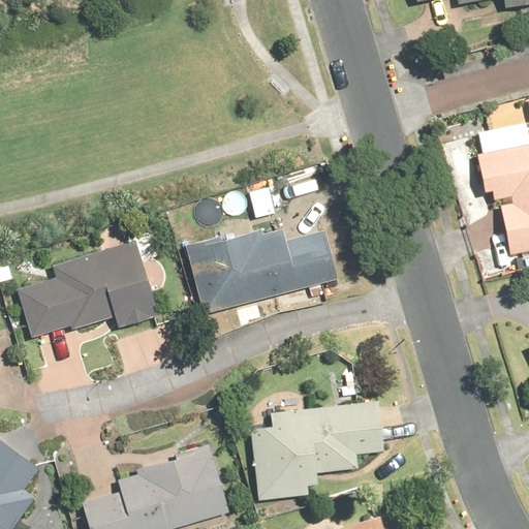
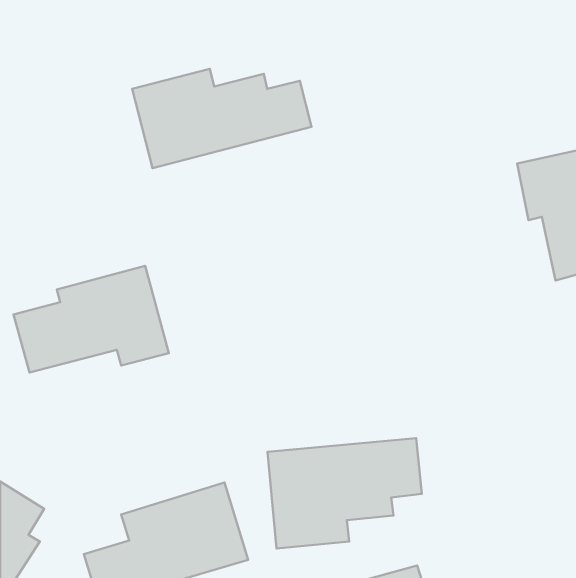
building: none -> [132,69,311,168]
building: [184,216,338,313] -> none

